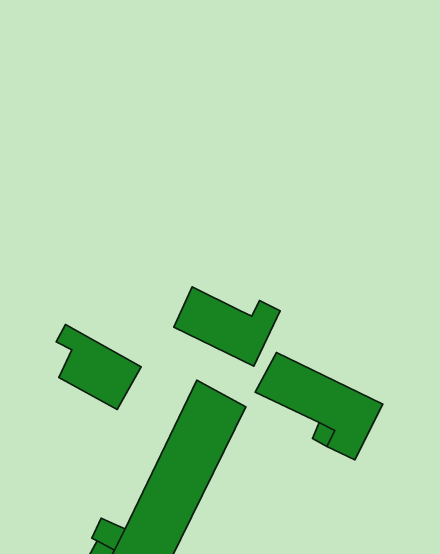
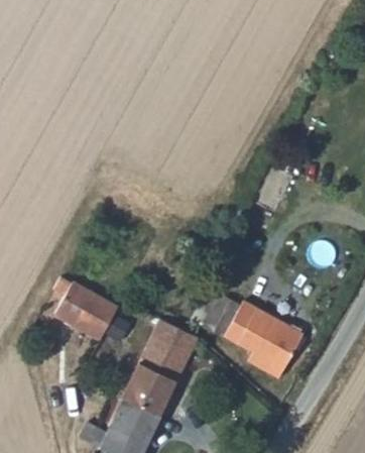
building: [174,287,280,366] -> none

